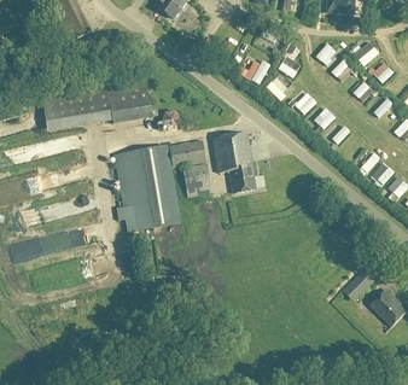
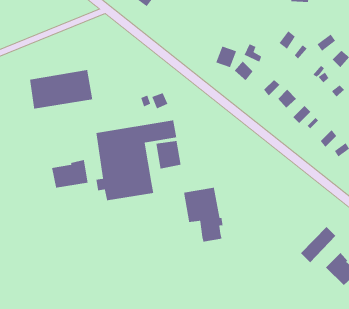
building: [105,80,156,122] -> none
building: [210,132,255,193] -> [183,187,223,242]
building: none -> [51,159,88,189]

